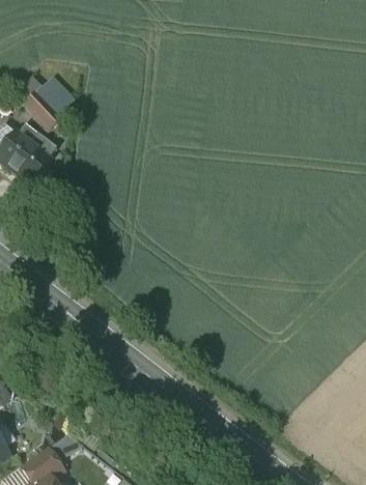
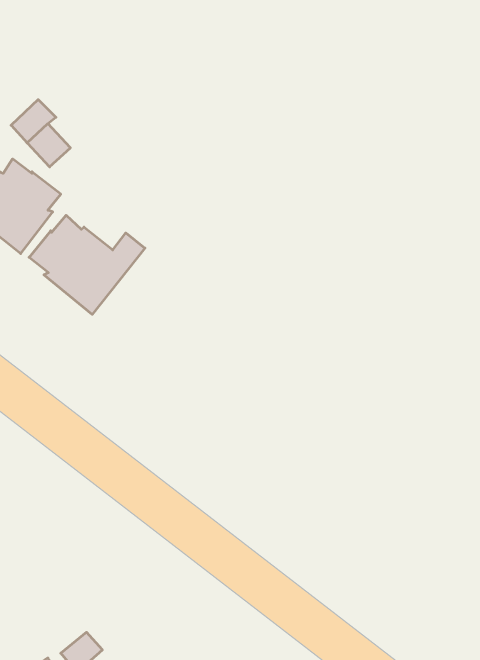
building: none -> [29,215,145,314]

